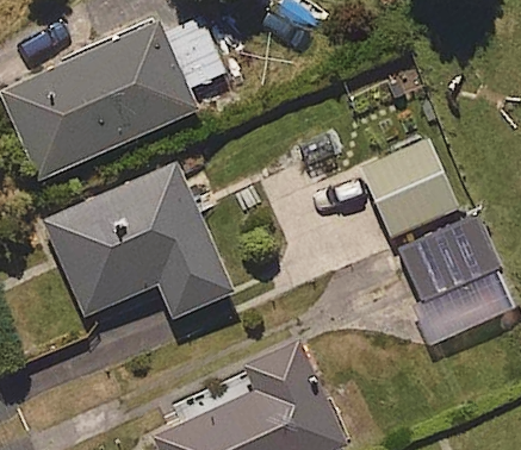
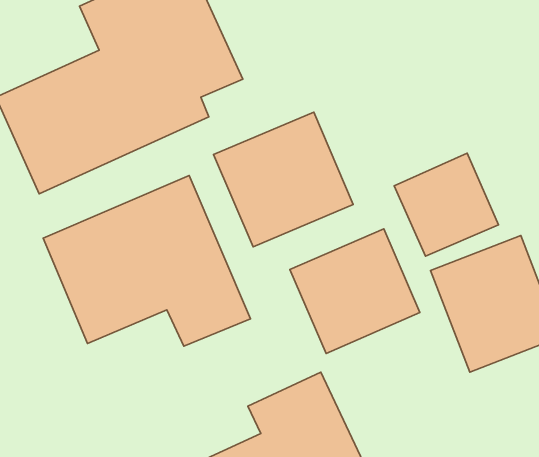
building: none -> [214,112,353,247]
building: none -> [290,229,420,354]

